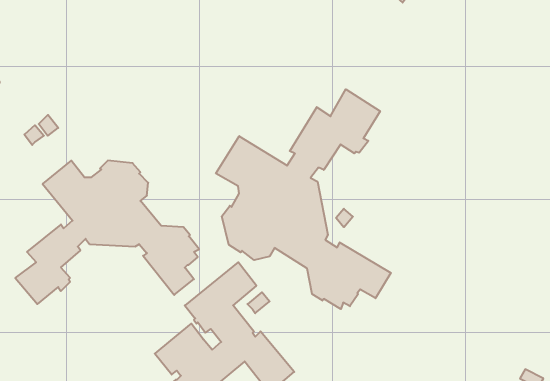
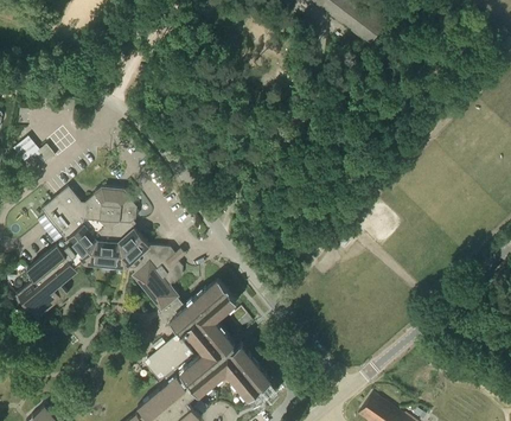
building: [216,89,391,309] -> none

